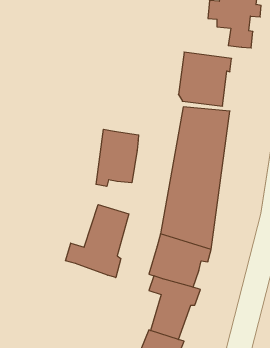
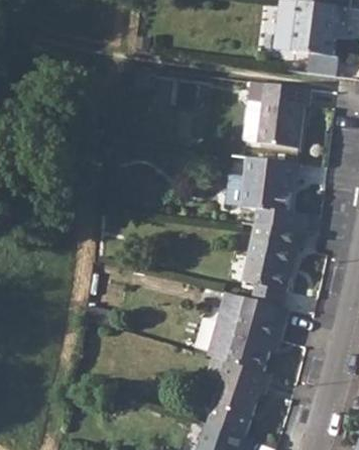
building: [96,129,139,186] -> none
building: [65,205,129,278] -> none

